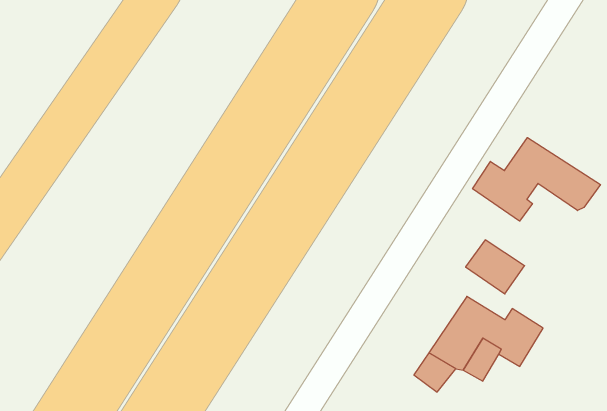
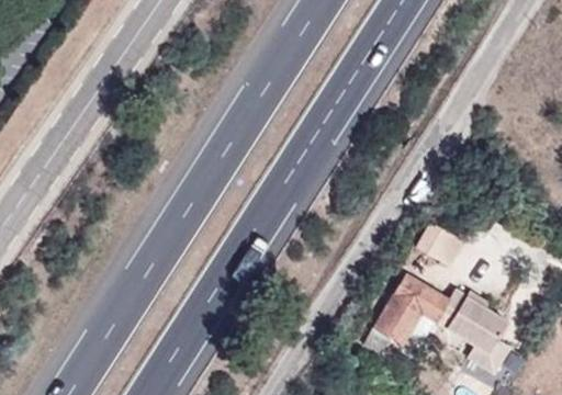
building: [473,138,600,221] -> none
building: none -> [464,302,512,371]

